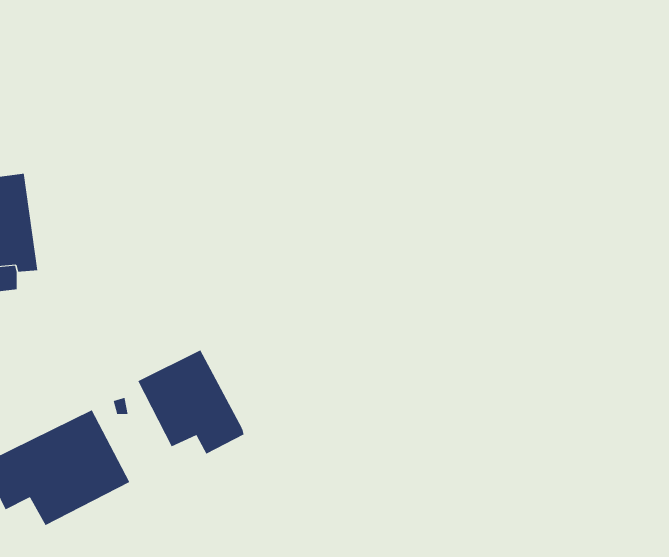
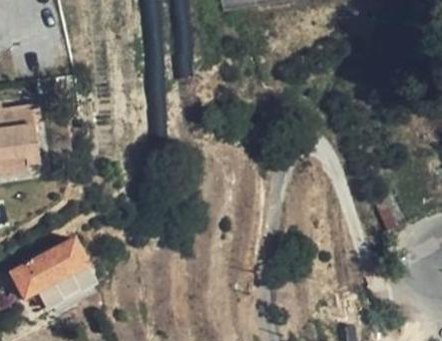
building: [138,350,244,455] -> none

